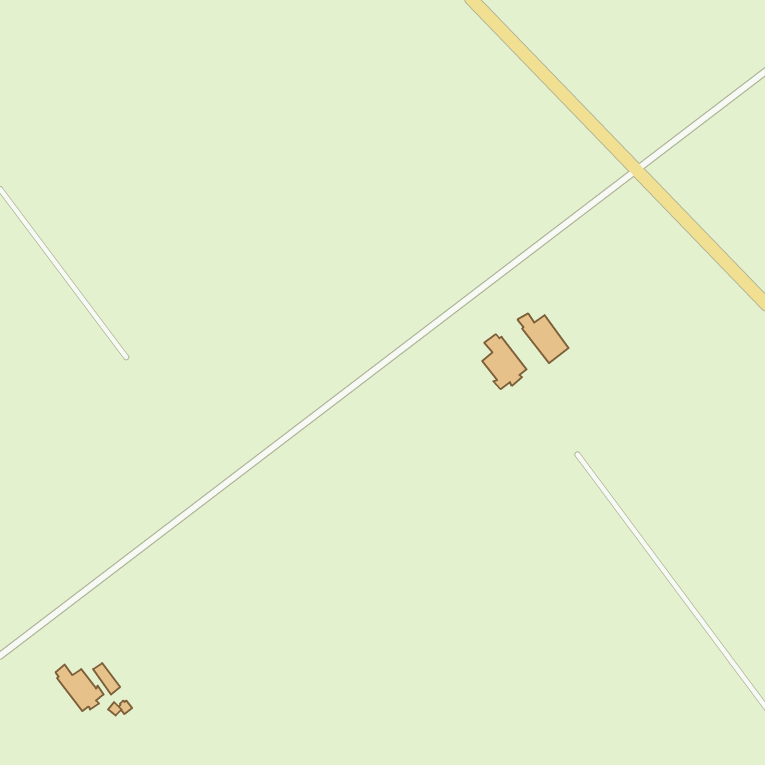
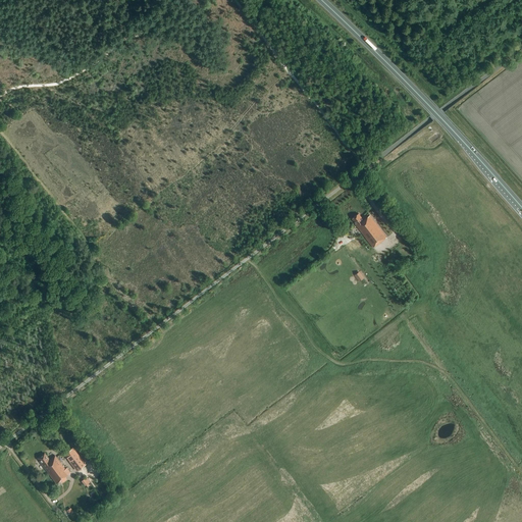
building: [482,334,527,389] -> none

